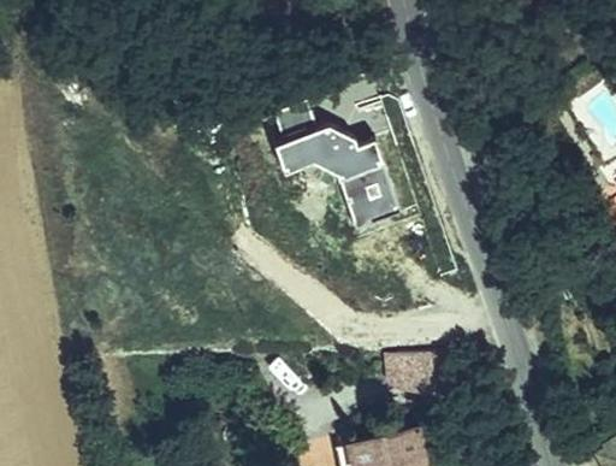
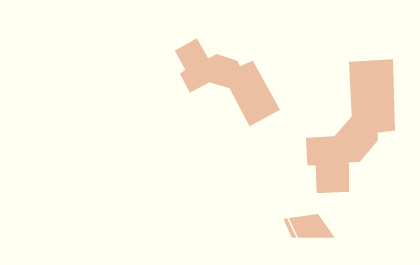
building: none -> [306,59,396,194]

